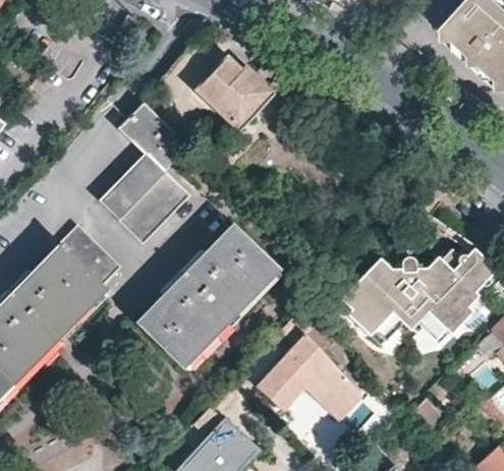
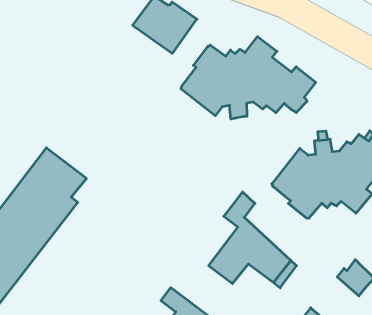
building: [99,103,189,245] -> none
building: none -> [181,37,316,119]
building: [137,227,280,371] -> none

